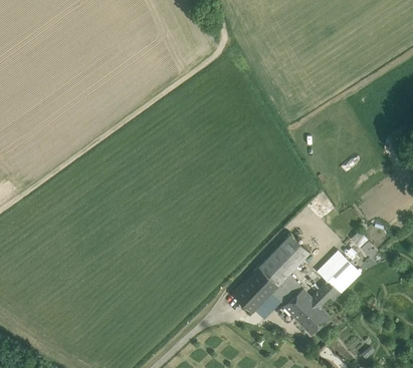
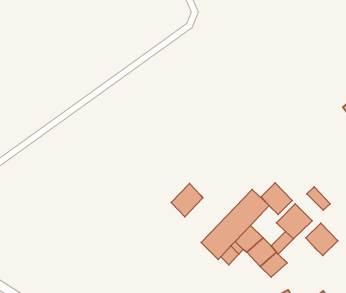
building: none -> [261,183,292,215]
building: none -> [171,183,203,217]
building: none -> [306,223,338,256]

